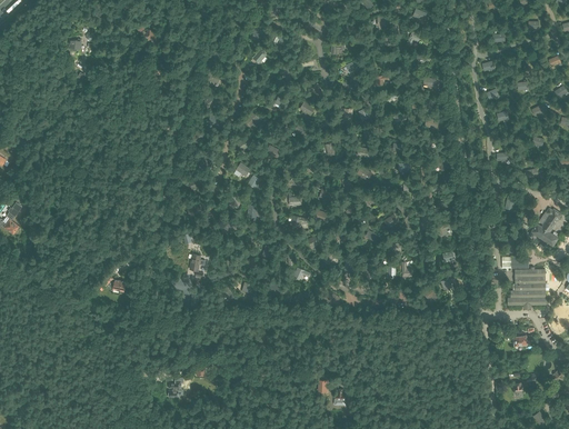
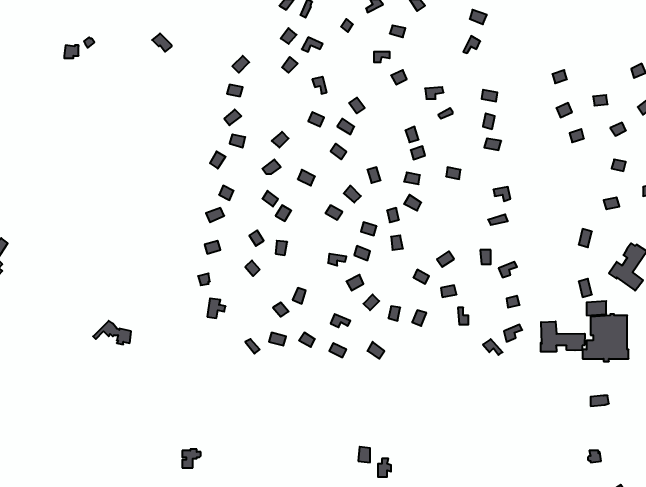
building: none -> [541,321,585,352]

